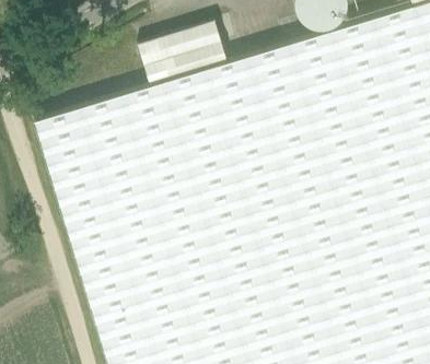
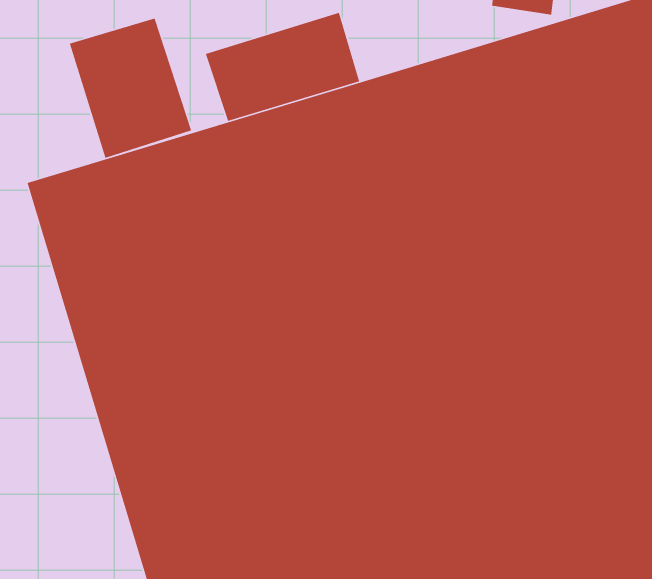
building: none -> [69,18,192,159]

